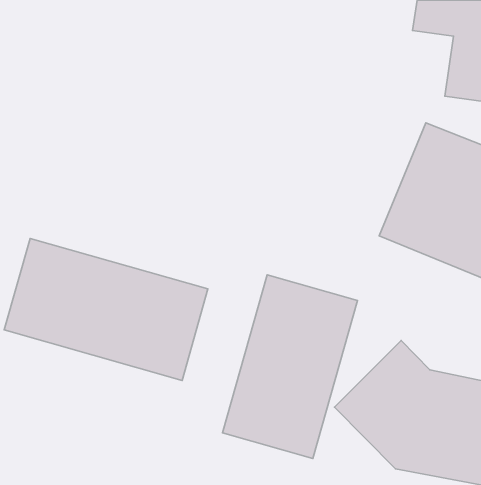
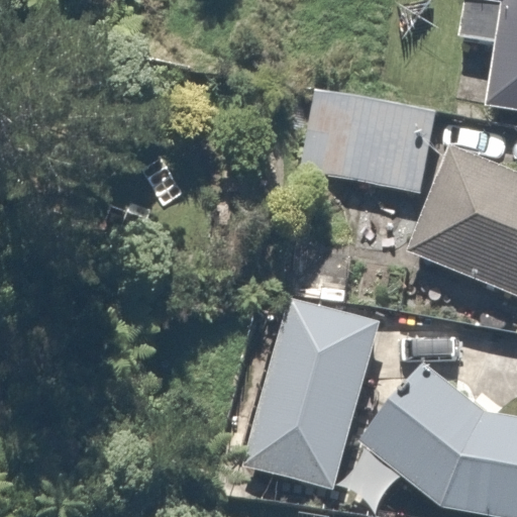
building: none -> [292,89,436,197]
building: [4,239,208,380] -> none

